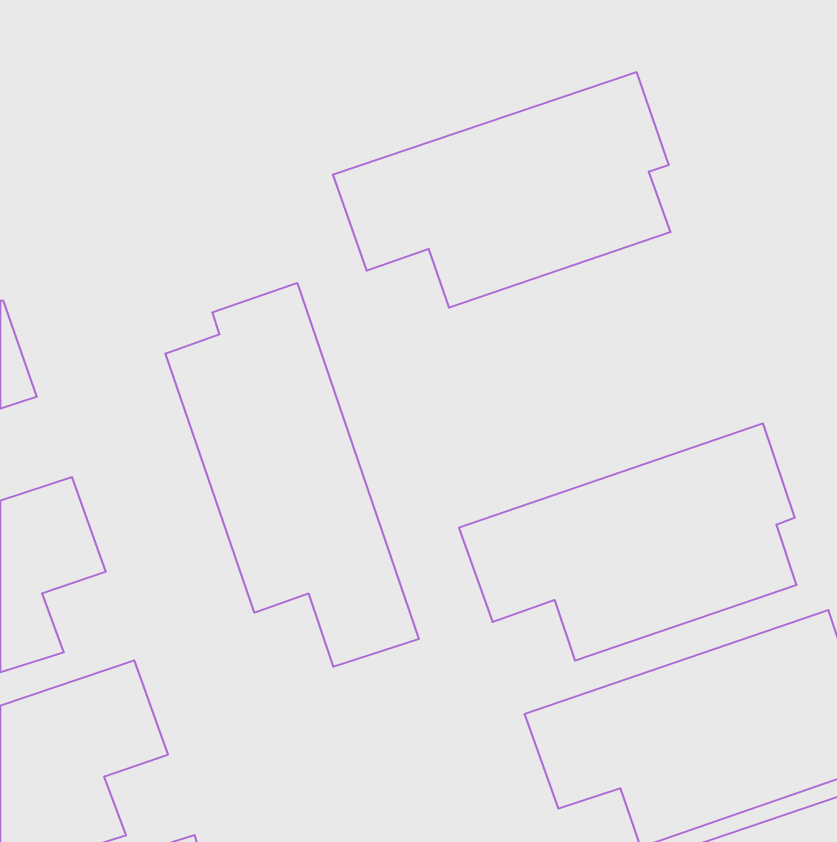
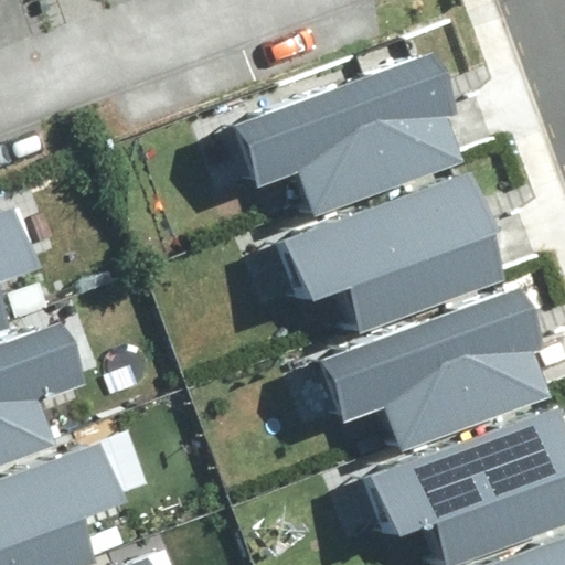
building: none -> [277,175,499,331]
building: [165,283,419,667] -> none

